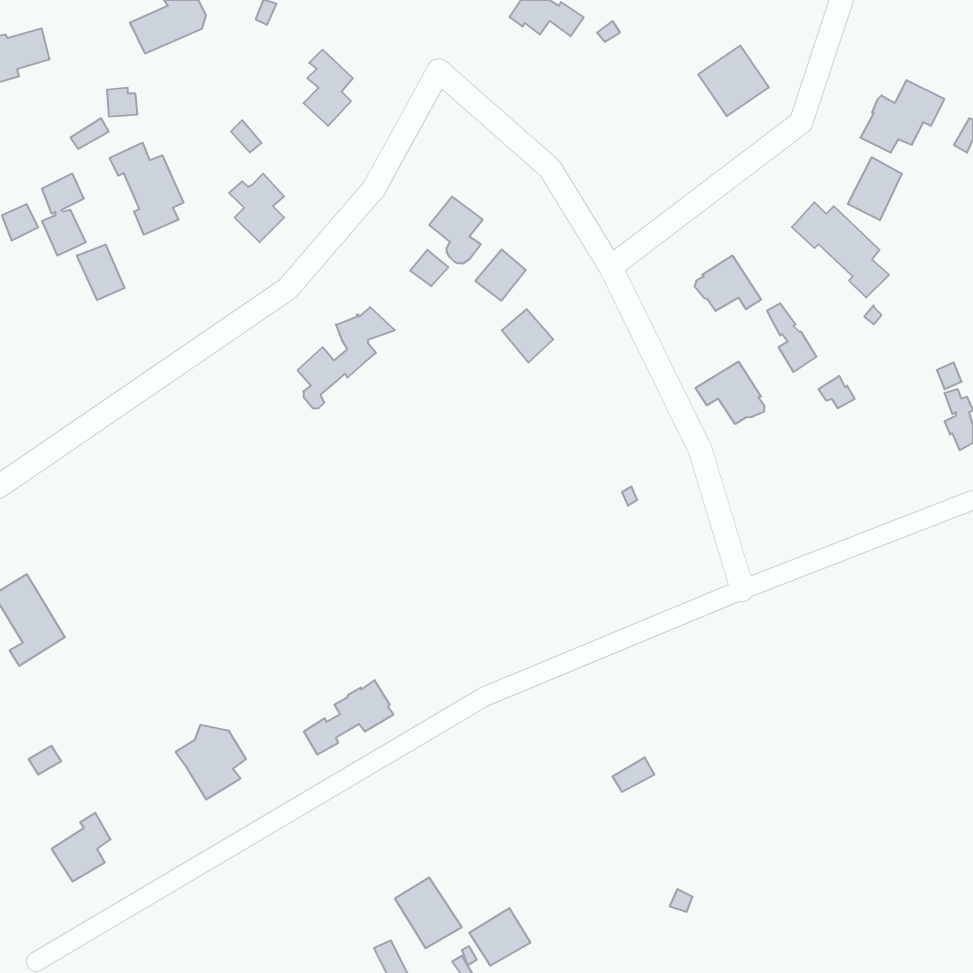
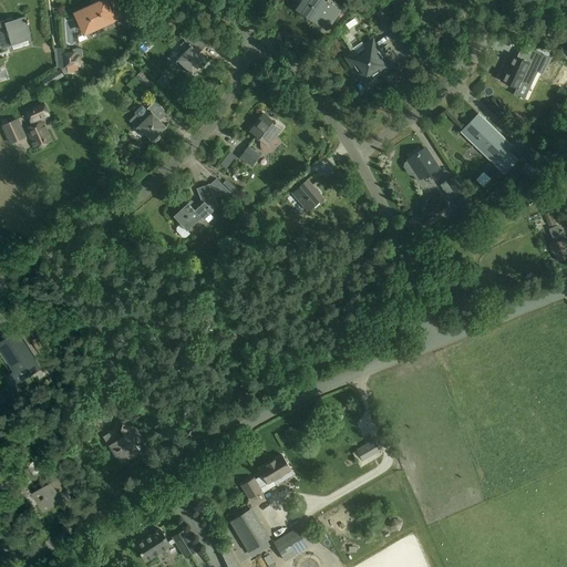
building: [698,46,769,116] -> [347,42,388,83]
building: [110,143,184,235] -> none
building: [848,157,902,220] -> none
building: [77,244,124,300] -> none
building: [475,249,526,301] -> none
building: [696,362,764,424] -> none
building: [304,680,393,754] -> [240,455,292,498]
building: none -> [135,530,197,561]

